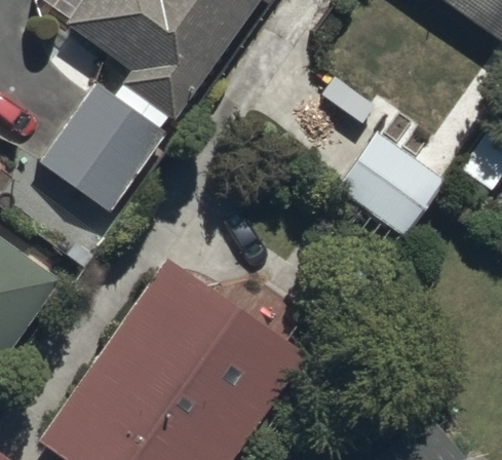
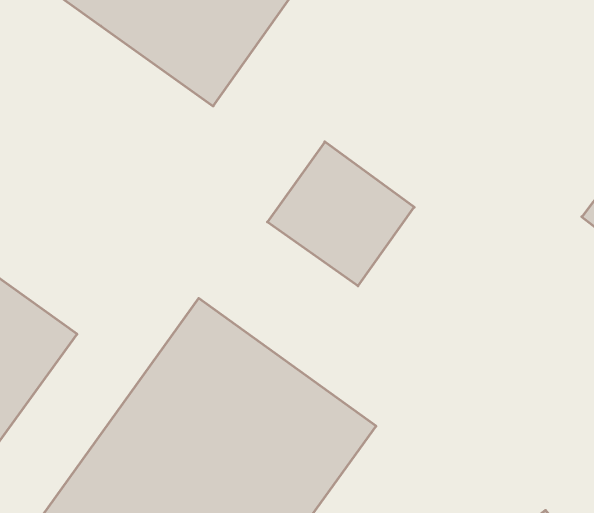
building: [40,82,167,213] -> none
building: [338,130,451,241] -> [267,142,414,286]

